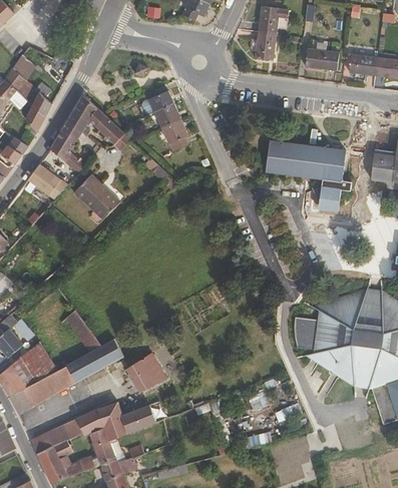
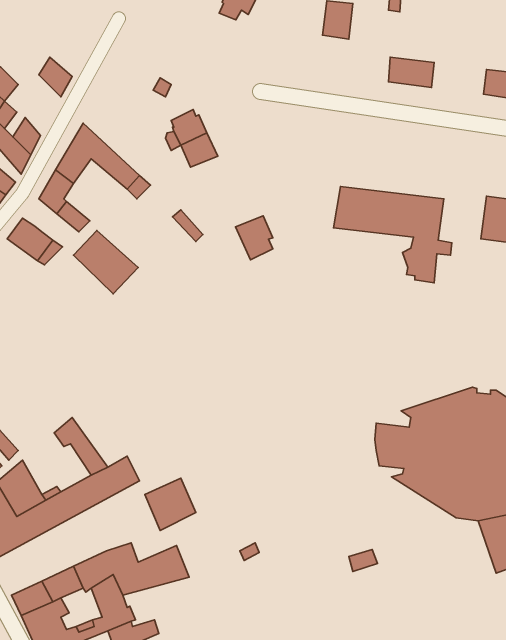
building: [255,31,276,59] -> none
building: [349,53,376,74] -> none
building: [160,119,187,151] -> [236,216,273,260]

